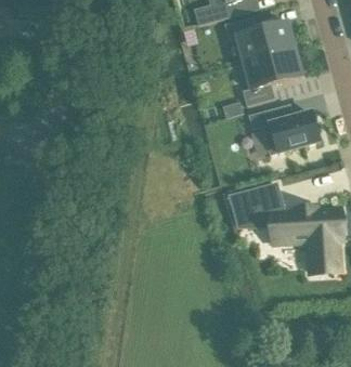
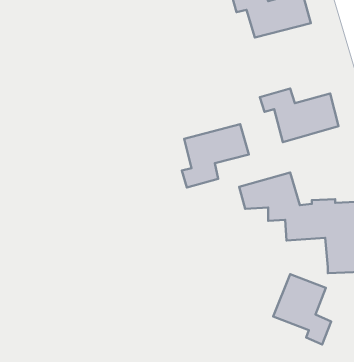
building: [243,50,302,106] -> [182,124,249,187]
building: none -> [273,274,331,345]

